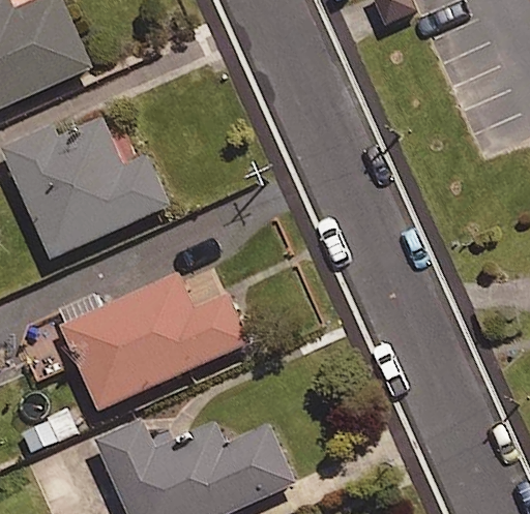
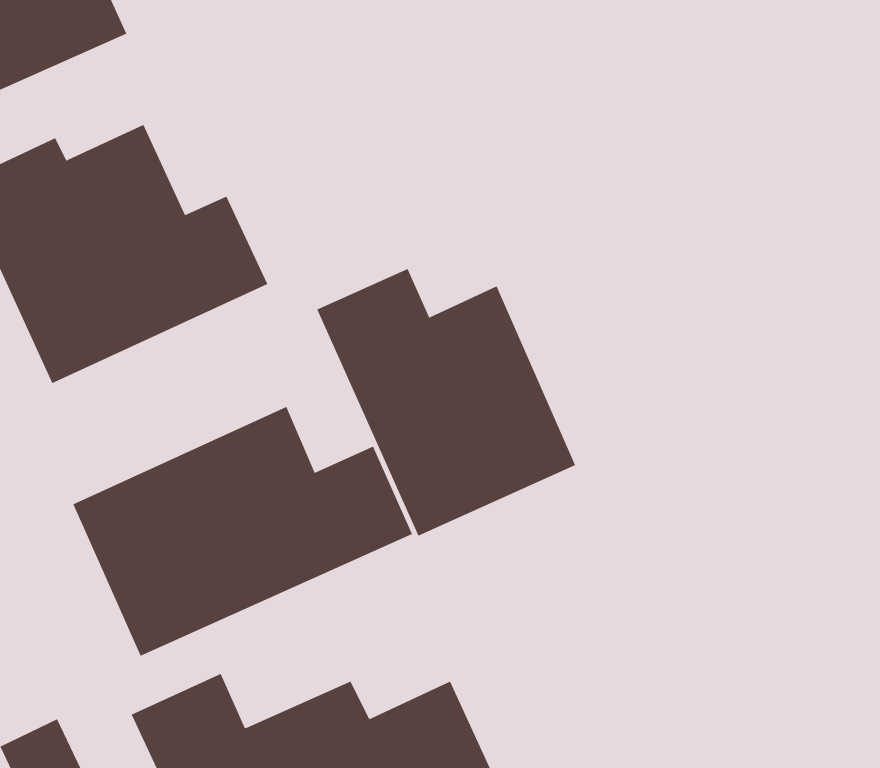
building: none -> [316,268,576,537]

